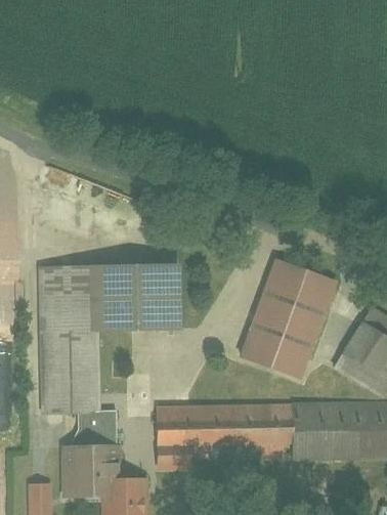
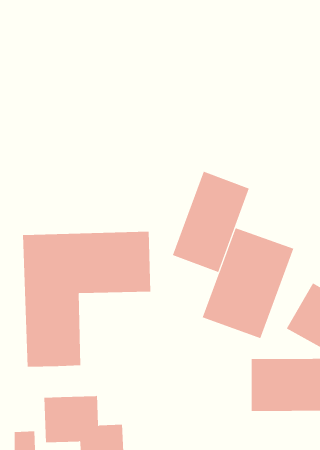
building: none -> [172,171,250,273]
building: [156,402,291,469] -> none
building: [78,410,118,444] -> none

